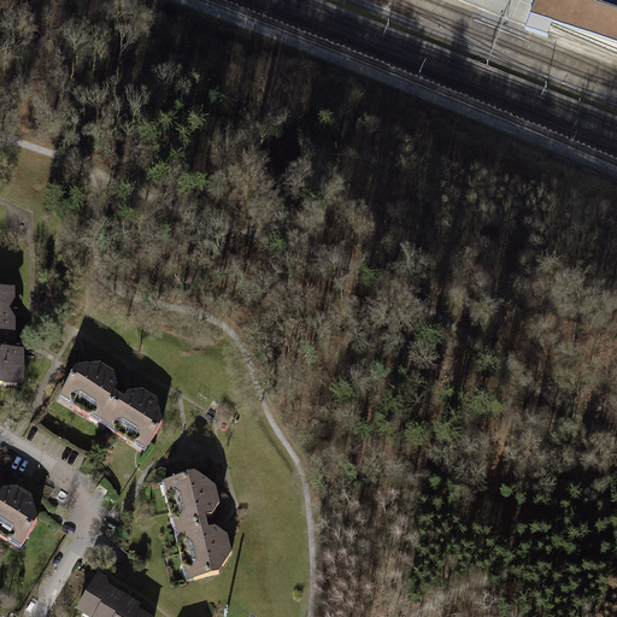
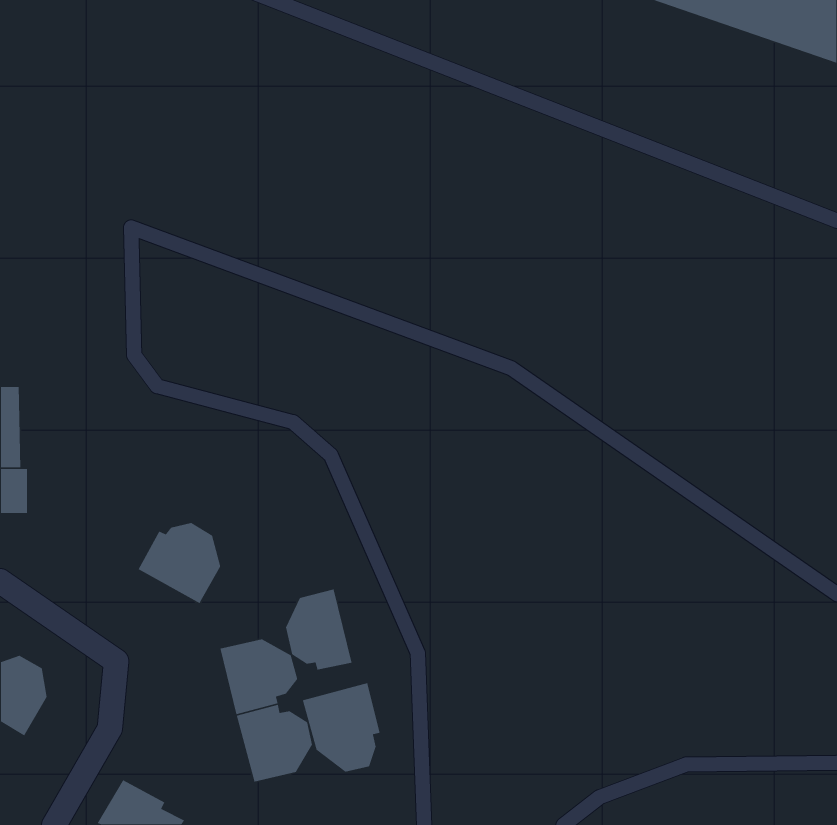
building: [55,360,117,419] -> none
building: none -> [285,588,352,671]
building: none -> [302,682,380,773]

